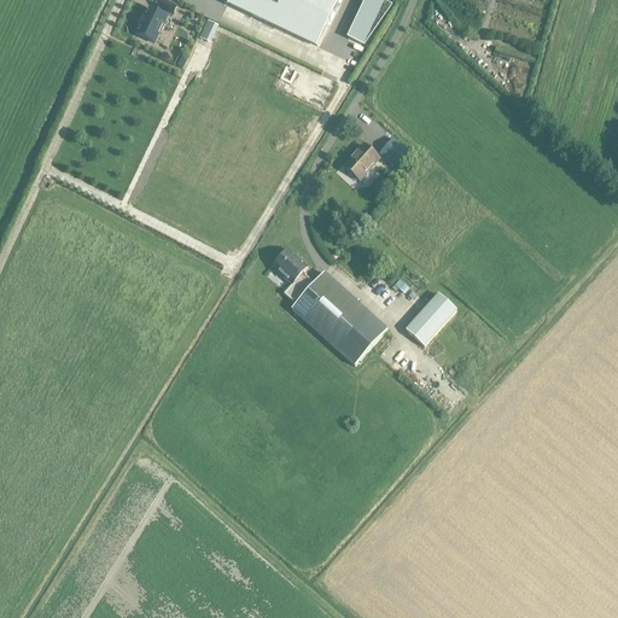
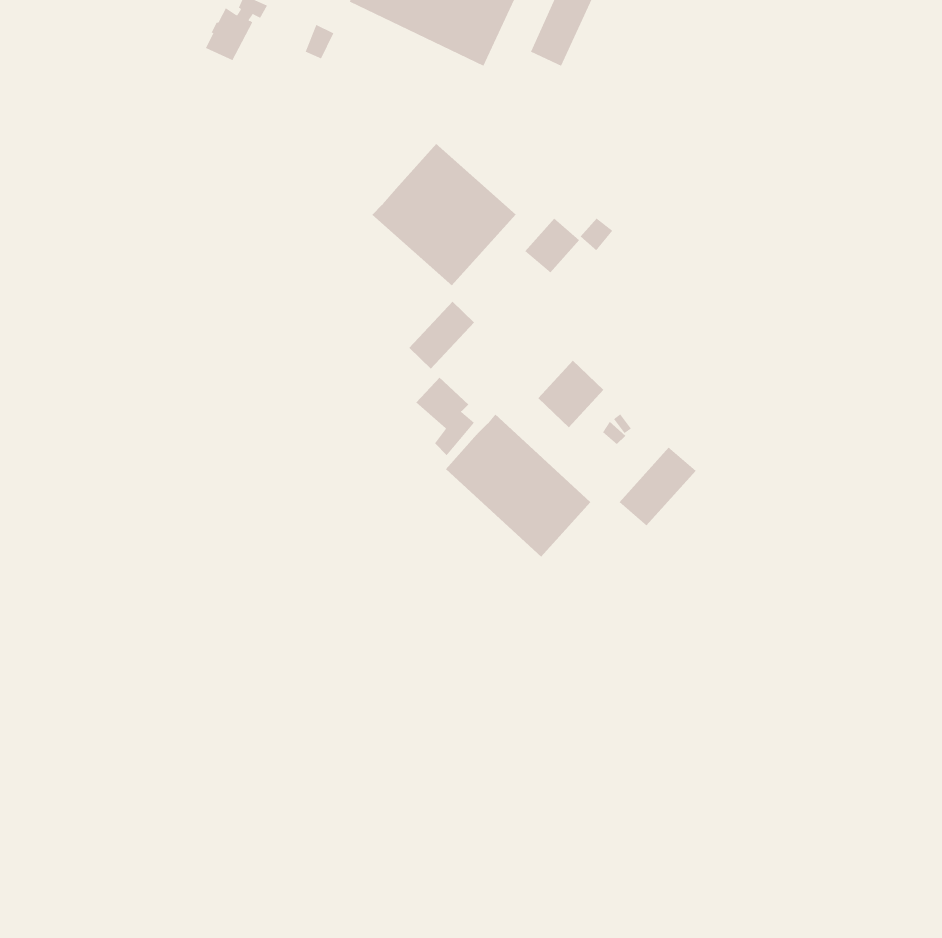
building: none -> [372,143,517,286]
building: none -> [408,301,475,369]
building: none -> [537,360,604,428]

